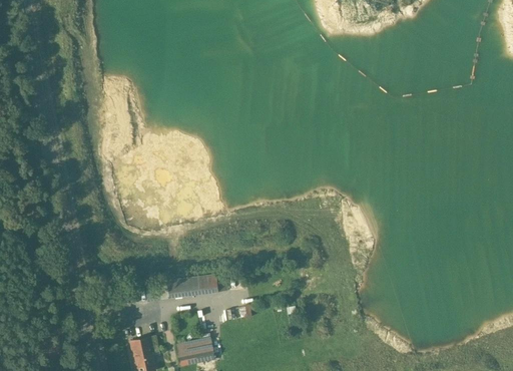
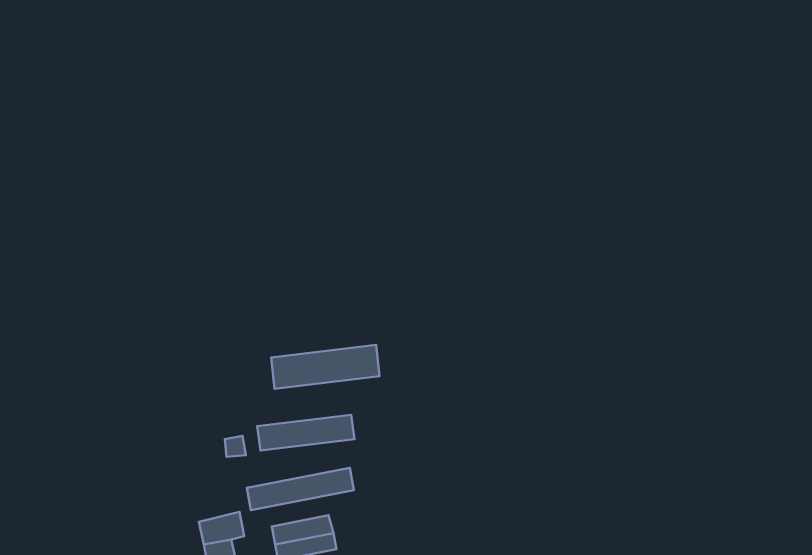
building: none -> [271,345,380,389]
building: none -> [247,468,354,510]

